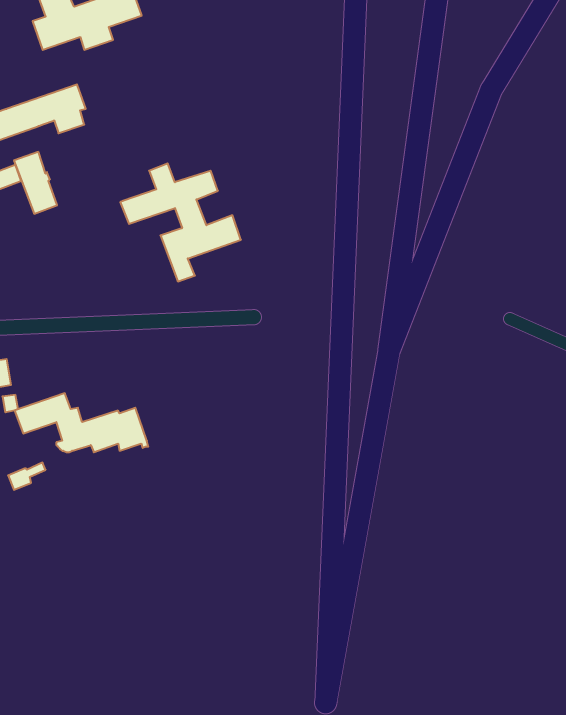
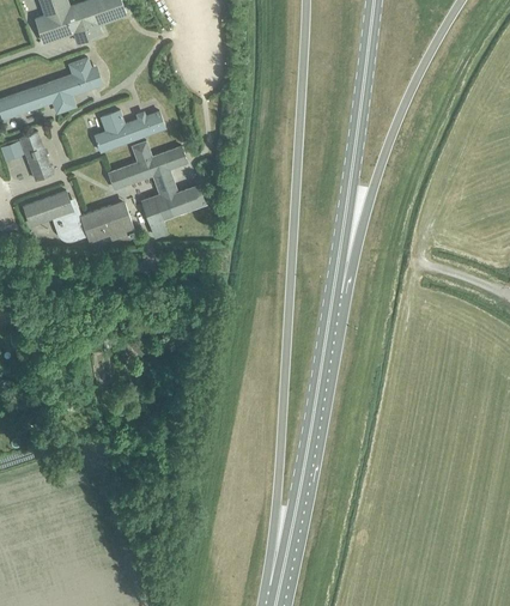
building: none -> [67,55,103,93]
building: none -> [95,110,165,151]
building: [15,393,148,452] -> [23,193,134,242]

